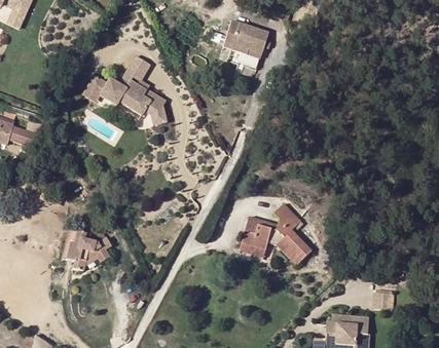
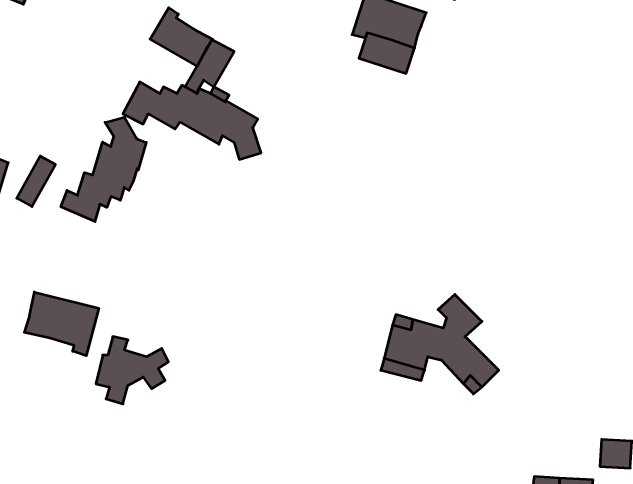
building: none -> [150,8,213,66]
building: none -> [61,117,146,222]
building: none -> [24,292,99,356]

